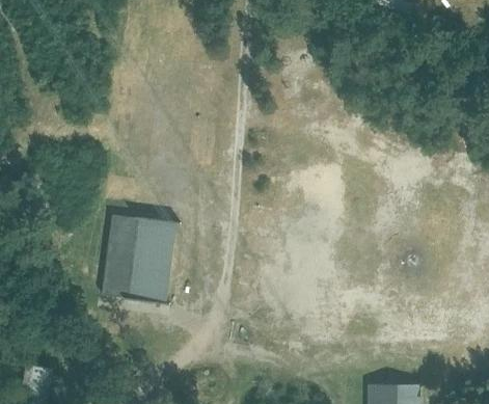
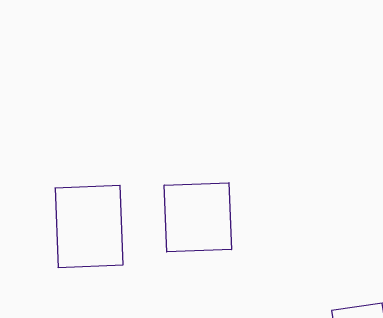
building: none -> [164,183,231,252]

